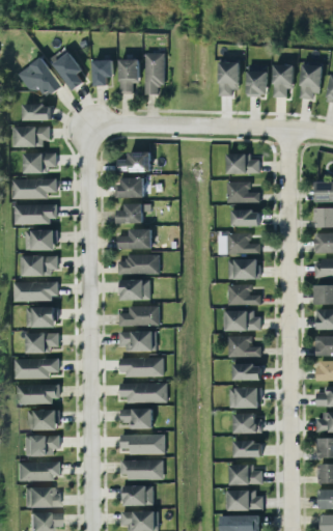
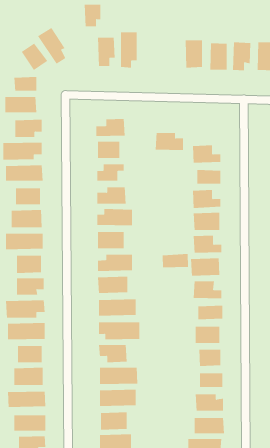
building: [92,60,112,86] -> [84,4,101,27]
building: [226,153,259,174] -> [155,132,184,151]
building: none -> [162,253,189,268]

